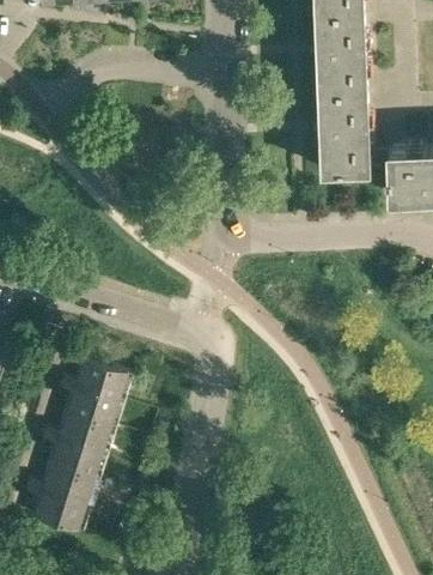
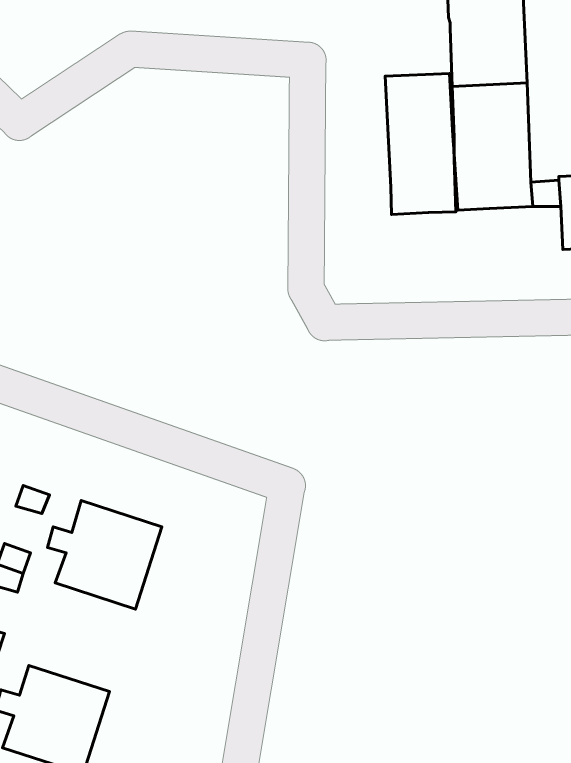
building: none -> [385,74,456,214]
building: [43,417,116,486] -> none

